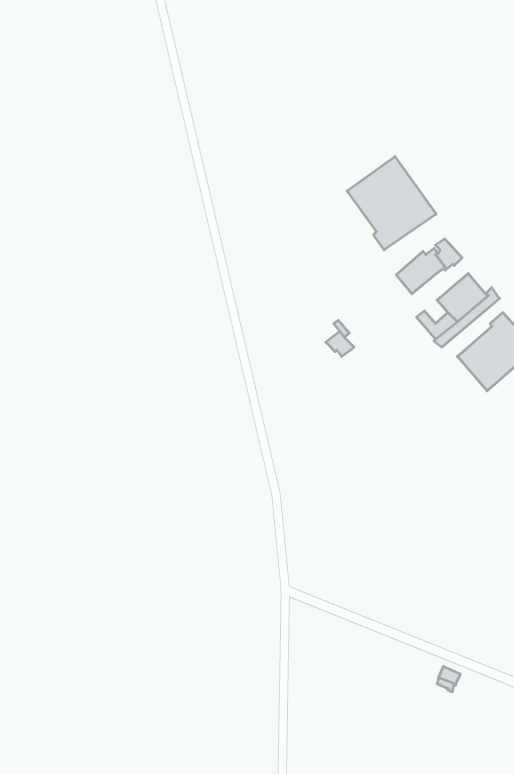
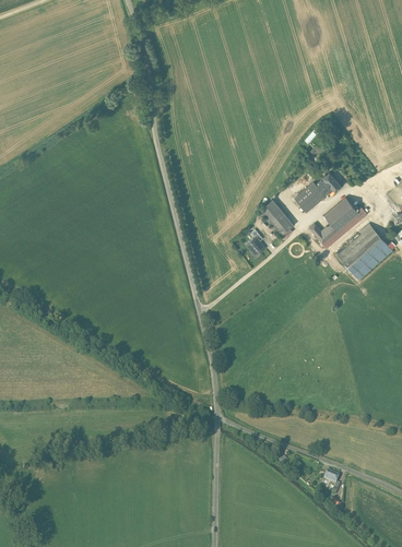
building: [347,156,436,250] -> none
building: none -> [260,200,294,235]

